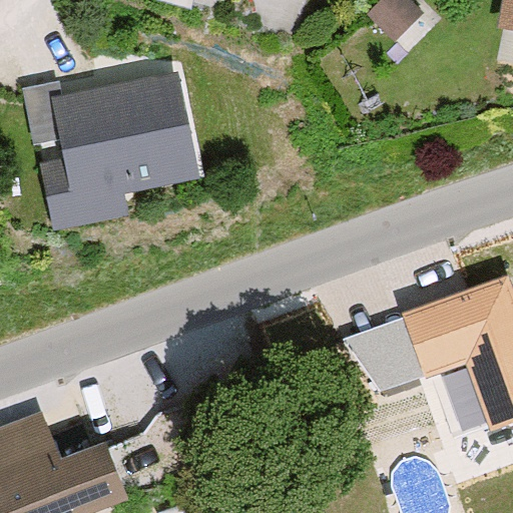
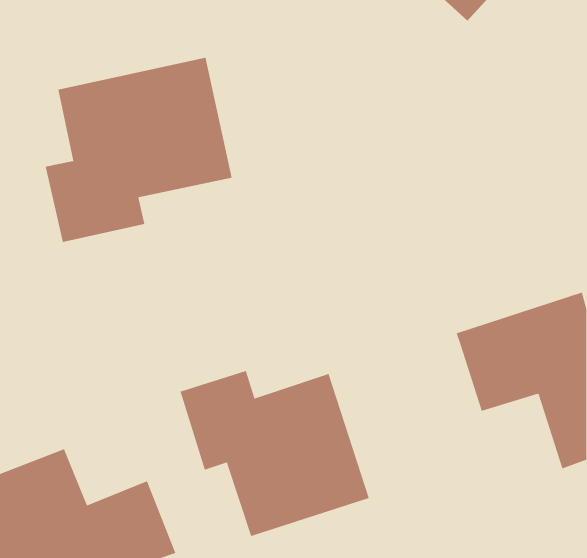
building: [344,320,419,397] -> none
building: none -> [180,370,369,537]

